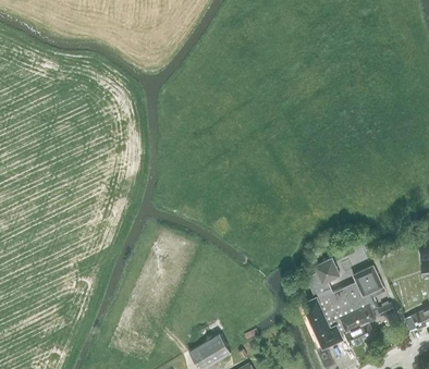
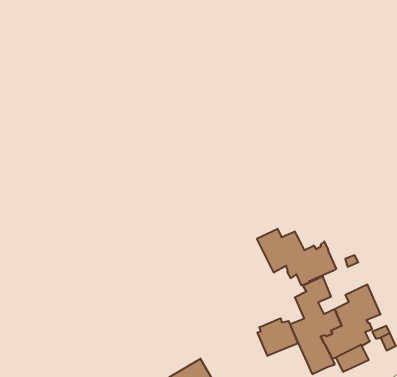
building: none -> [257,229,336,285]
building: none -> [257,318,298,356]

